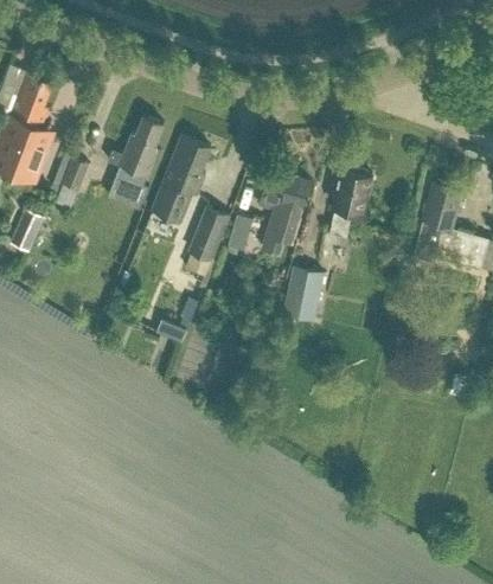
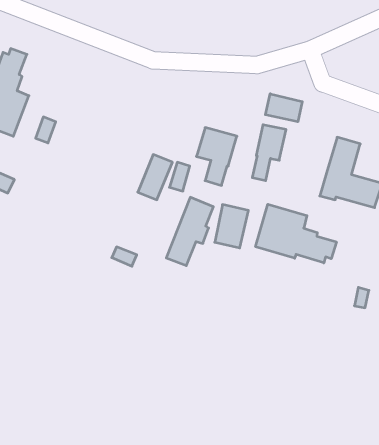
building: [107,118,162,211] -> none
building: none -> [265,94,302,122]
building: [152,139,210,223] -> [166,197,213,266]
building: none -> [256,204,336,263]

